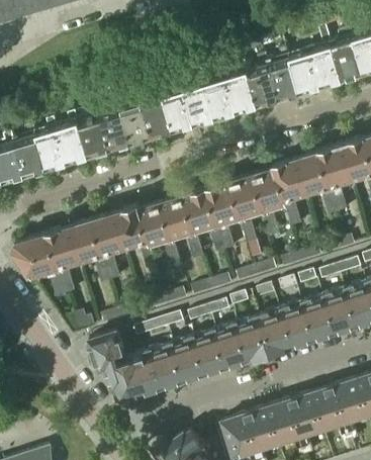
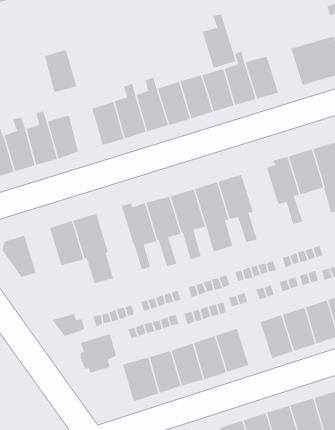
building: [268,48,301,100] -> [202,14,237,69]
building: [79,115,110,157] -> [44,50,77,93]
building: [244,172,280,237] -> none
building: [105,208,140,253] -> none
building: [36,229,76,297] -> none
building: [240,319,272,361] -> none
building: [98,360,140,401] -> none

